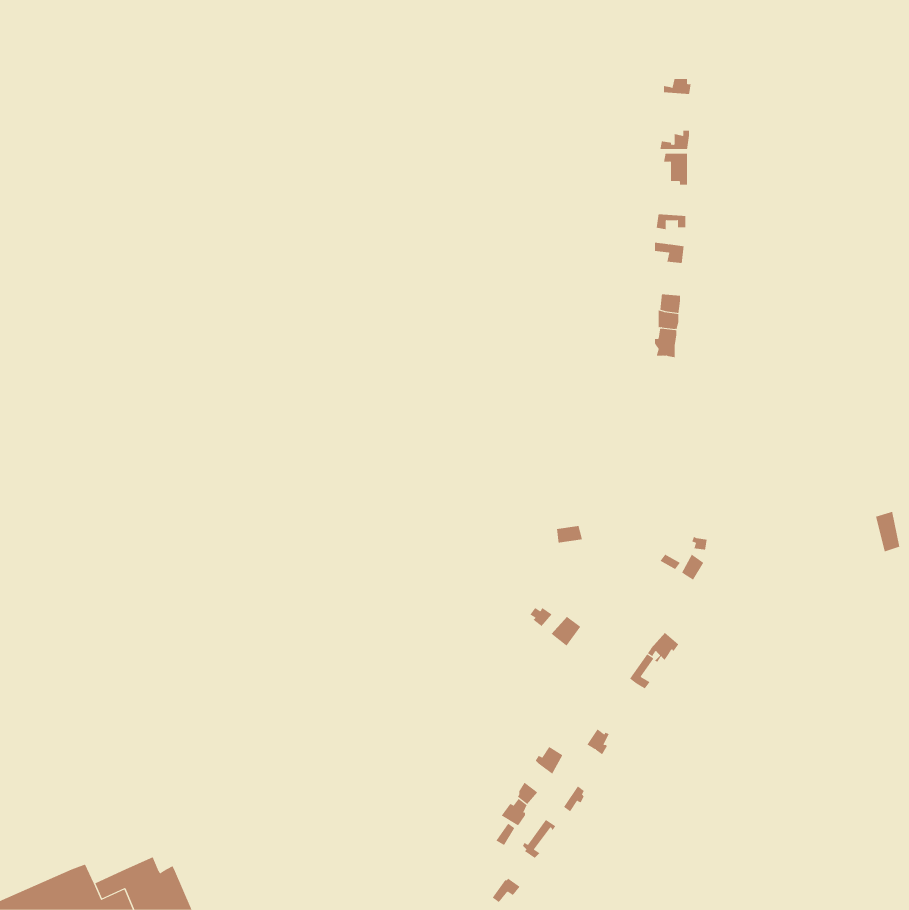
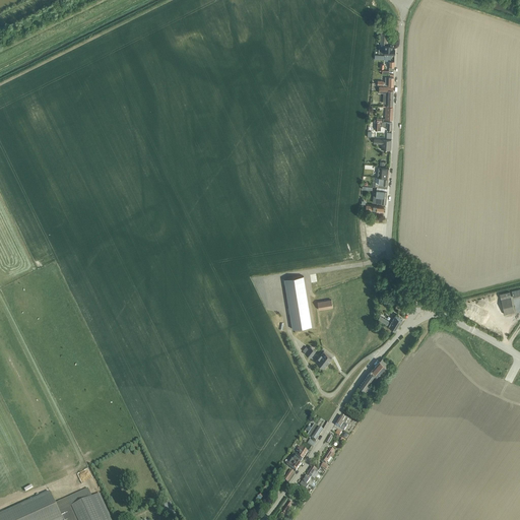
building: none -> [283,276,311,329]

